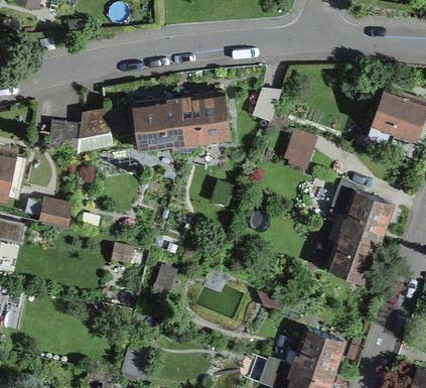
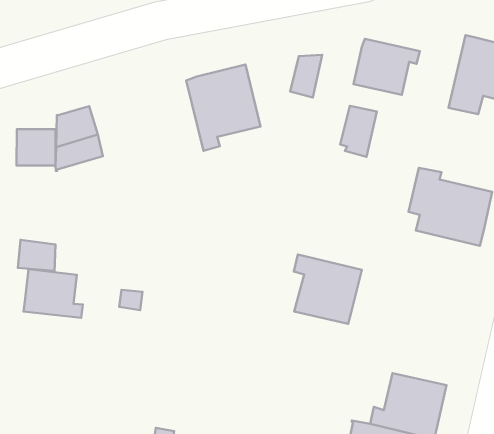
building: none -> [353,39,420,95]
building: [133,100,185,154] -> none
building: none -> [23,269,83,318]
building: [326,227,379,281] -> [294,254,362,324]

